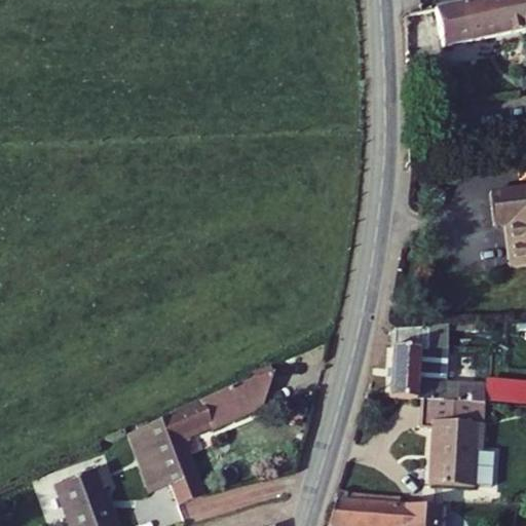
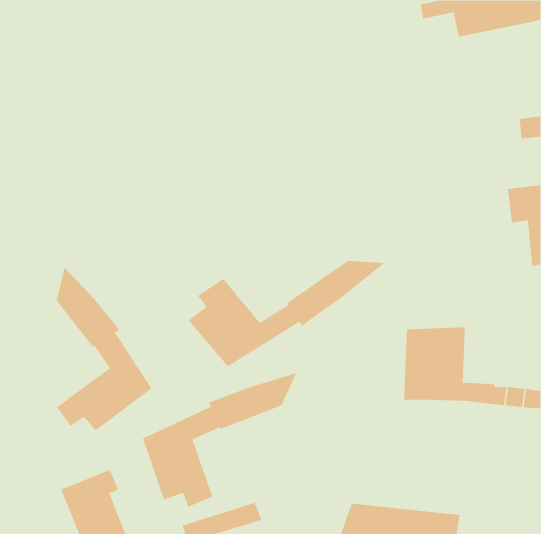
building: none -> [188,260,386,367]
building: none -> [56,267,152,431]
building: [415,396,490,483] -> none

